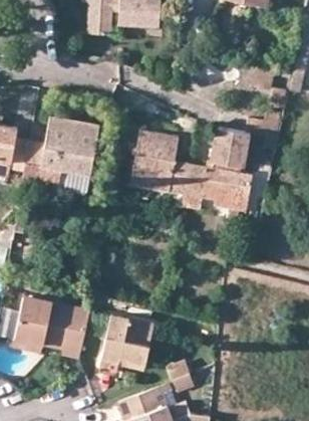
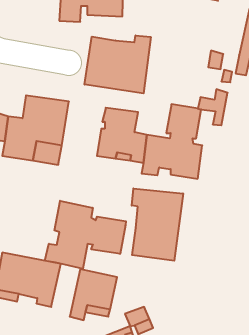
building: none -> [85,35,151,93]
building: none -> [132,188,183,261]
building: none -> [45,201,126,269]

